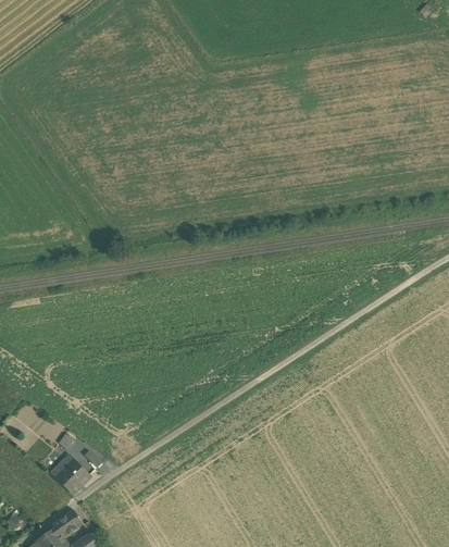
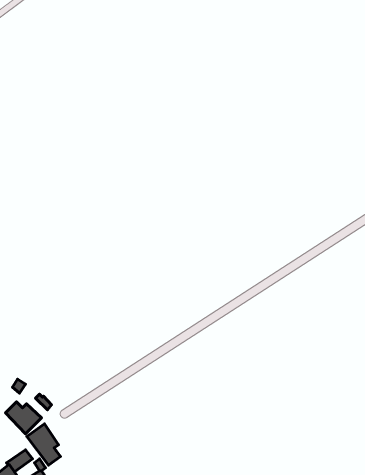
building: none -> [27,424,60,465]

